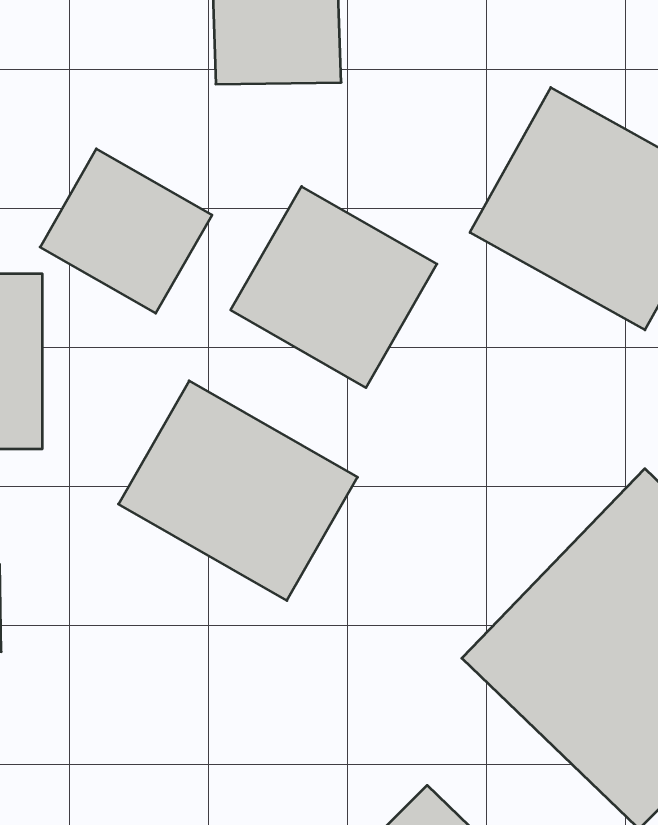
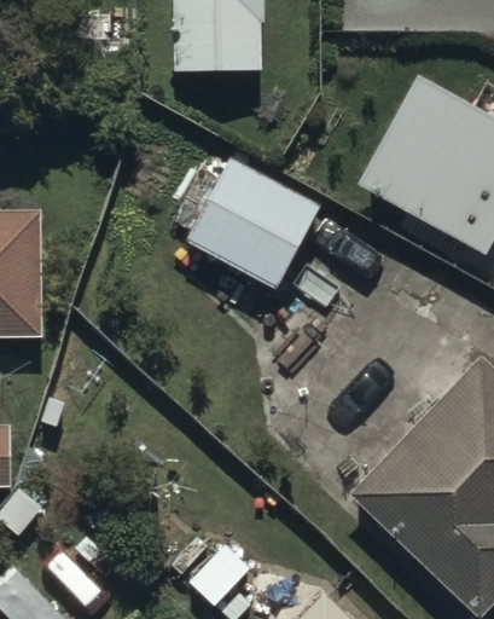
building: [40,149,212,313] -> none
building: [118,381,358,601] -> none

